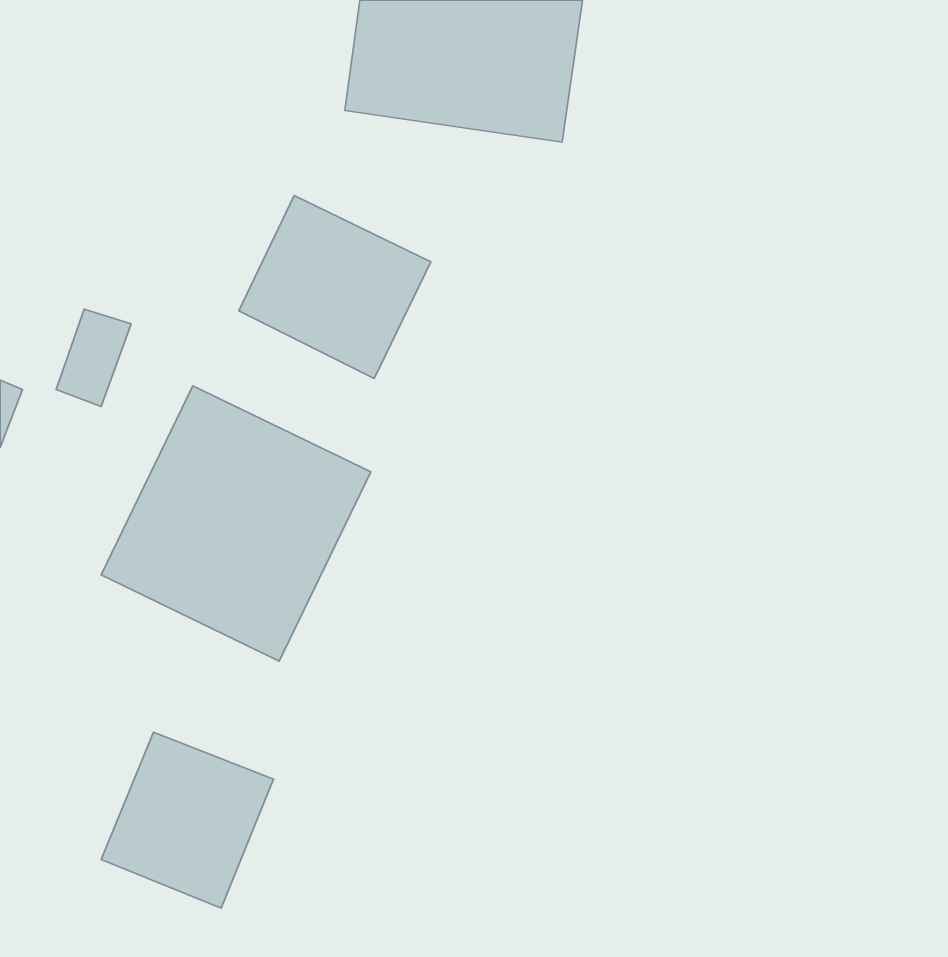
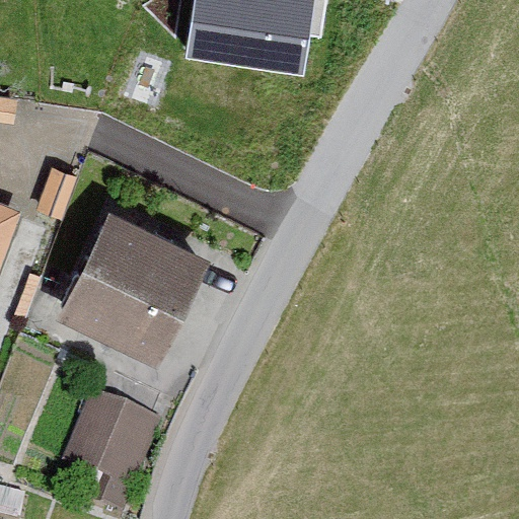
building: [239,195,431,378] -> none

